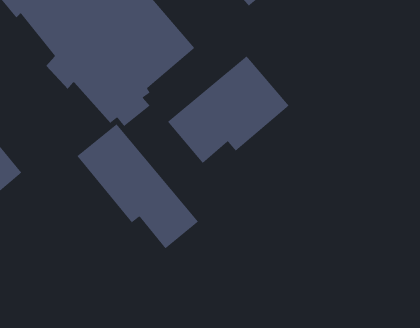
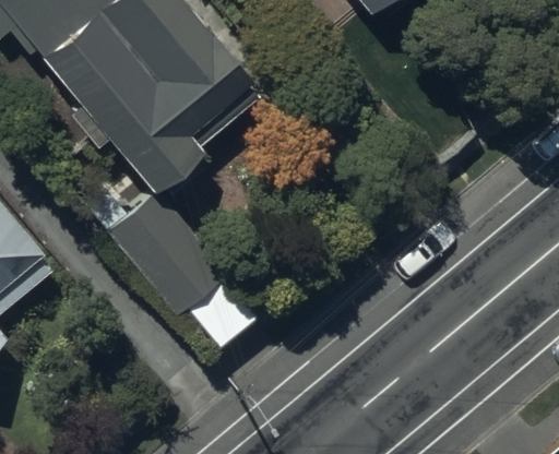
building: [167,56,289,164] -> none

